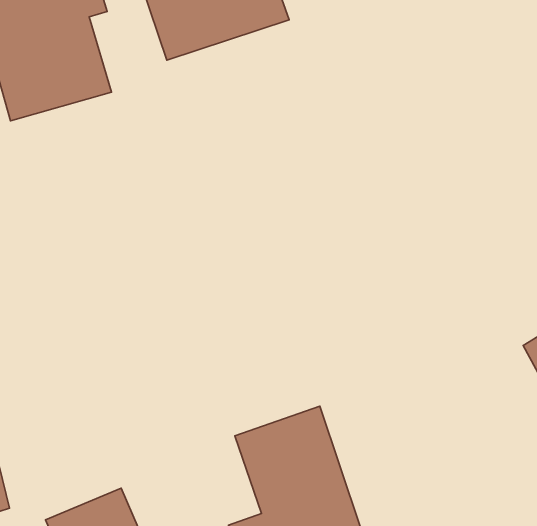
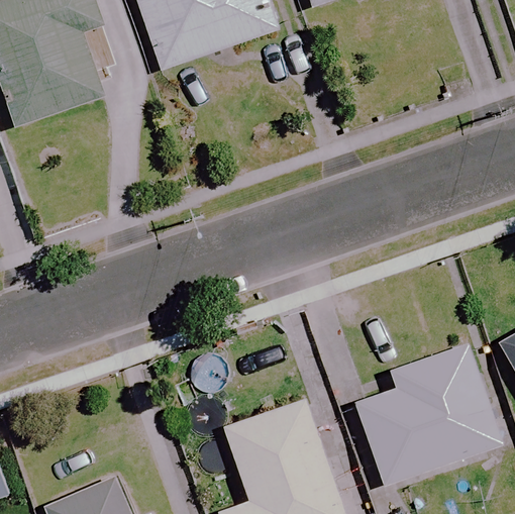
building: none -> [357,345,502,485]

